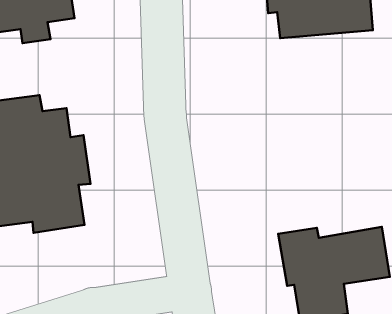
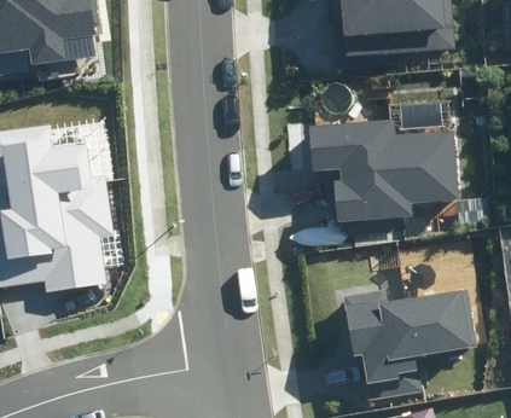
building: none -> [308,120,459,223]

